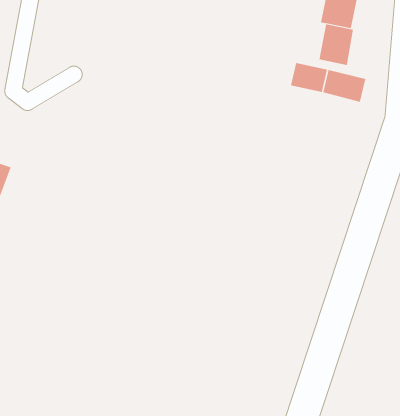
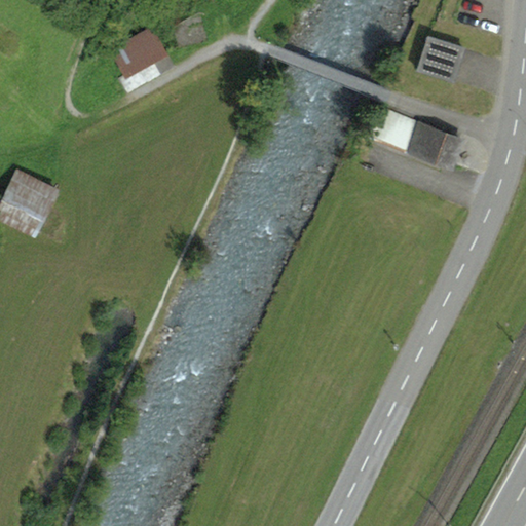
building: none -> [111,27,167,76]
building: [319,24,354,66] -> none

